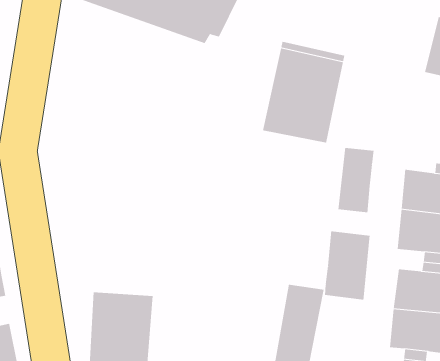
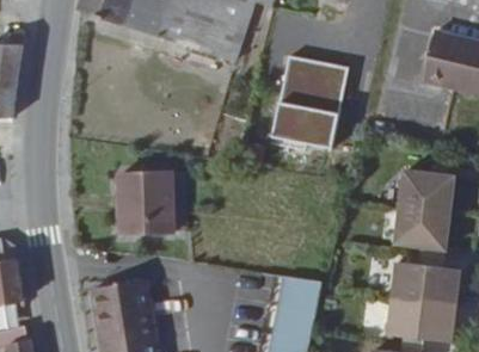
building: [338,147,374,213] -> none
building: none -> [118,171,173,234]
building: [324,231,370,300] -> none

